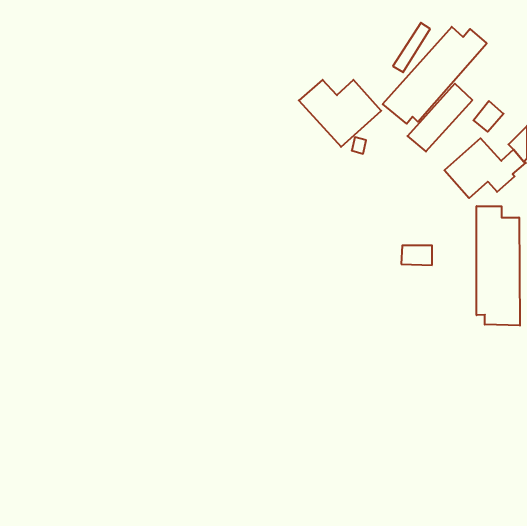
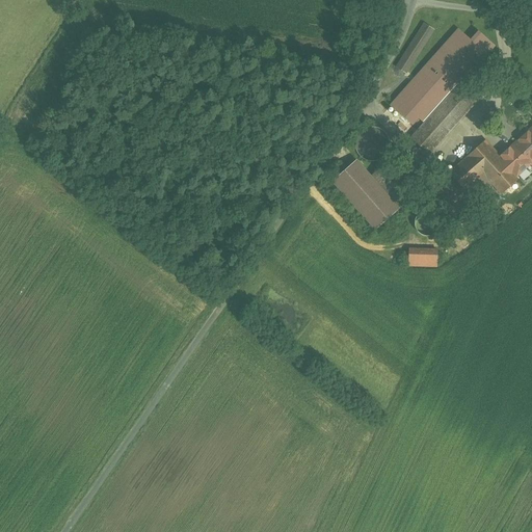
building: [299,80,381,147] -> [332,160,416,228]
building: [473,101,504,132] -> none
building: [477,206,520,326] -> none

